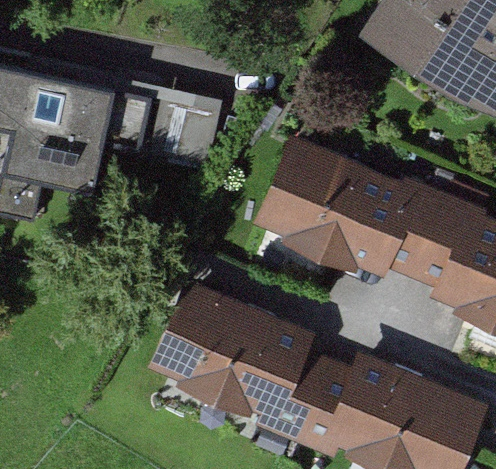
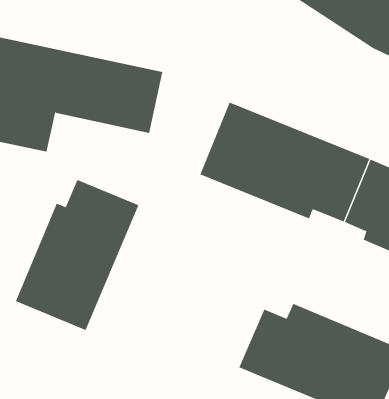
building: none -> [15,179,139,331]
building: [156,286,329,427] -> none

